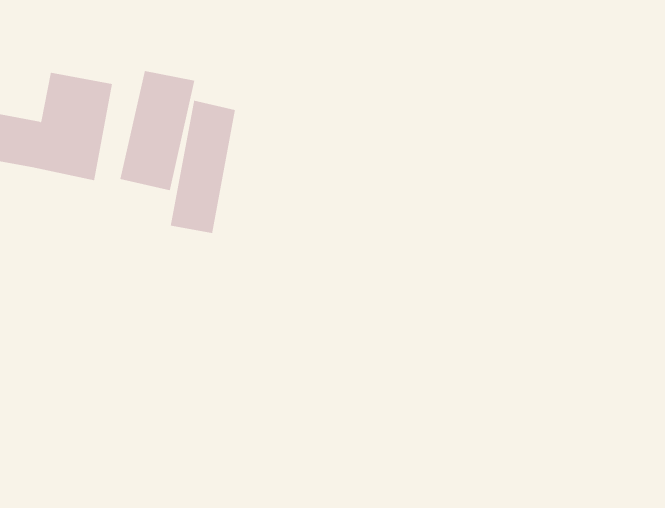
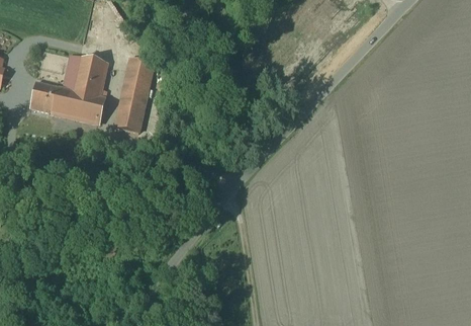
building: [170,100,236,234] -> none

